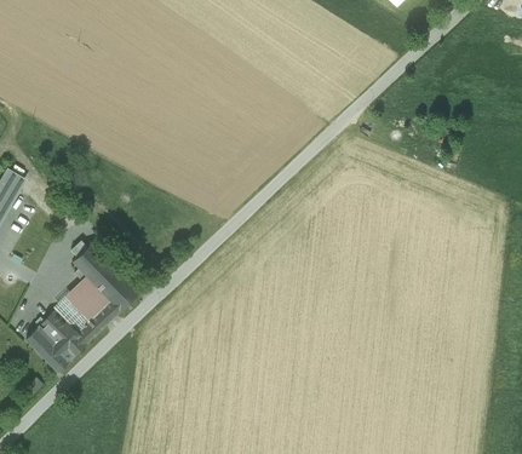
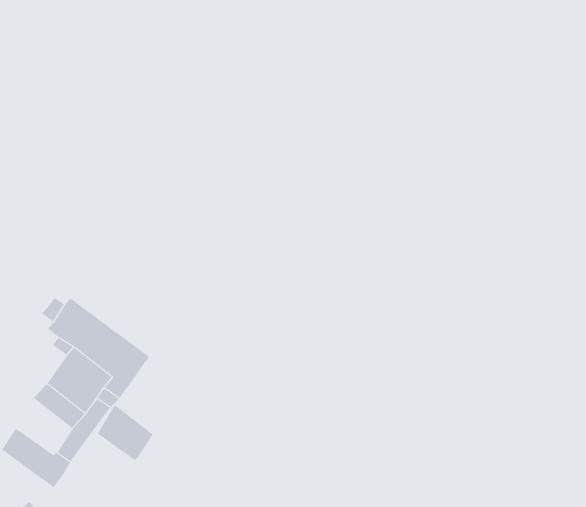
building: [38,308,76,349] -> [97,404,153,461]

